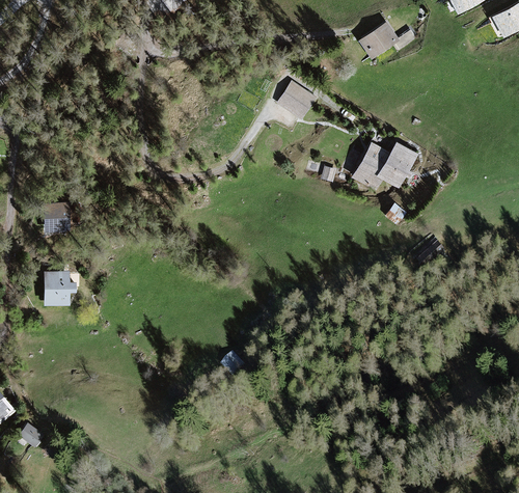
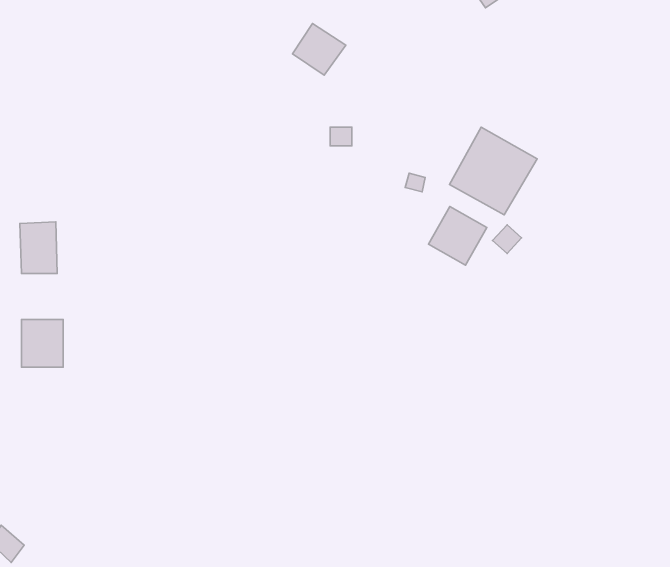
building: [276,83,315,120] -> [293,23,346,75]
building: none -> [429,207,487,265]

